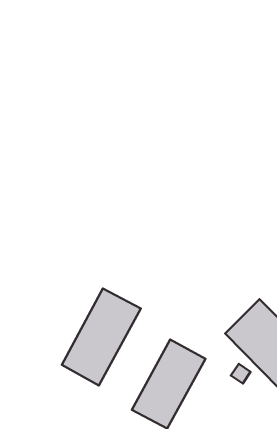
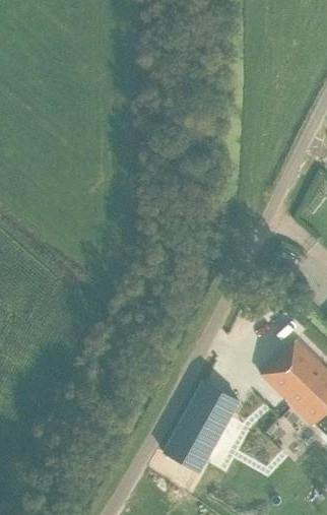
building: [62,288,141,385] -> none

